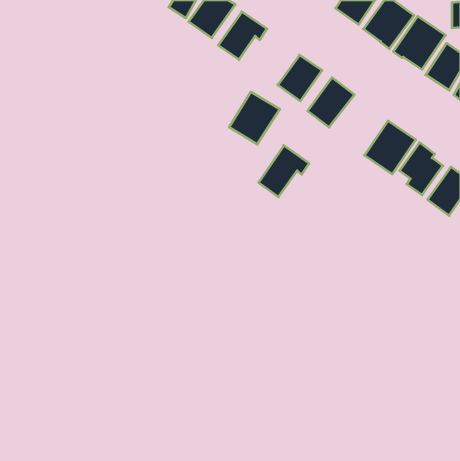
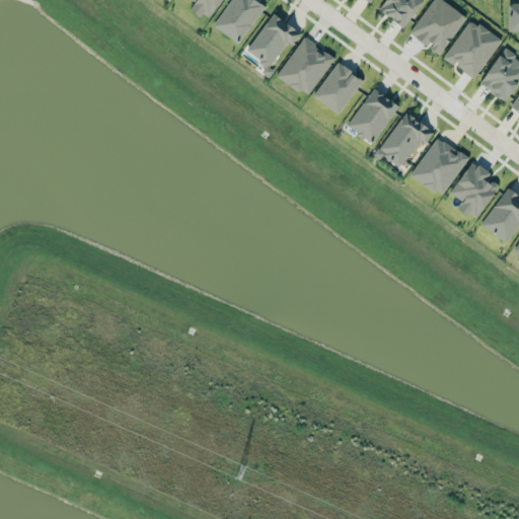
building: [229,92,280,144] -> [278,36,335,95]
building: [259,145,309,197] -> [377,110,434,168]

